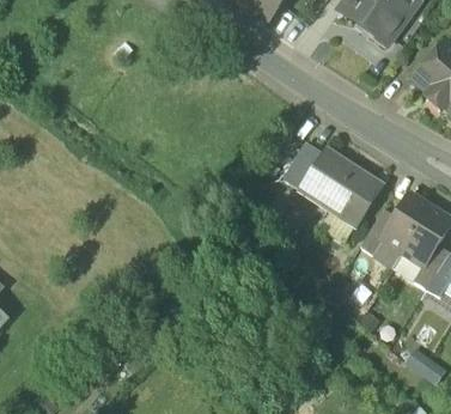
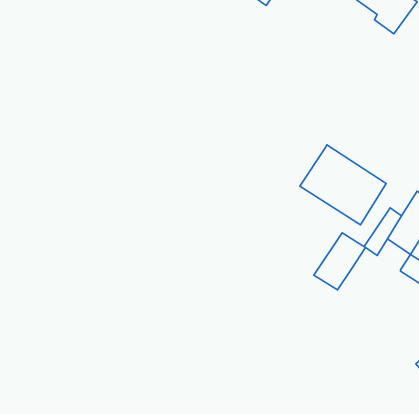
building: [285,140,325,187] -> none
building: none -> [314,233,366,290]

